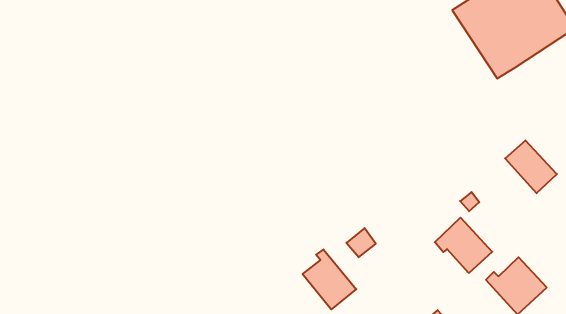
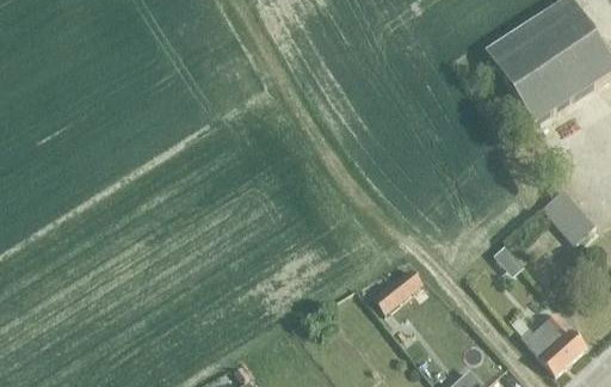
building: [435,218,492,273] -> none
building: [303,249,356,309] -> none

